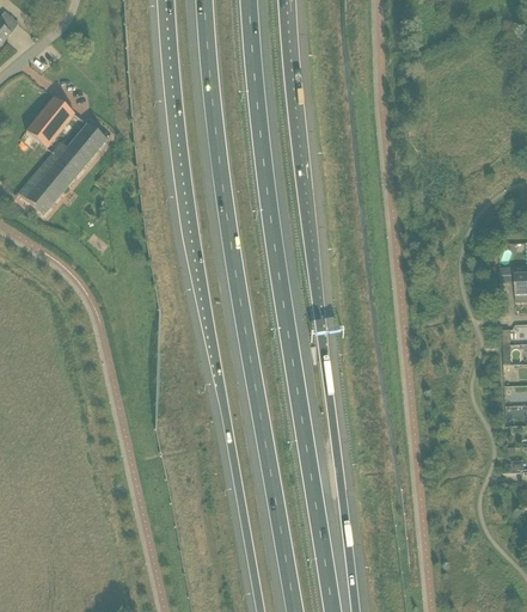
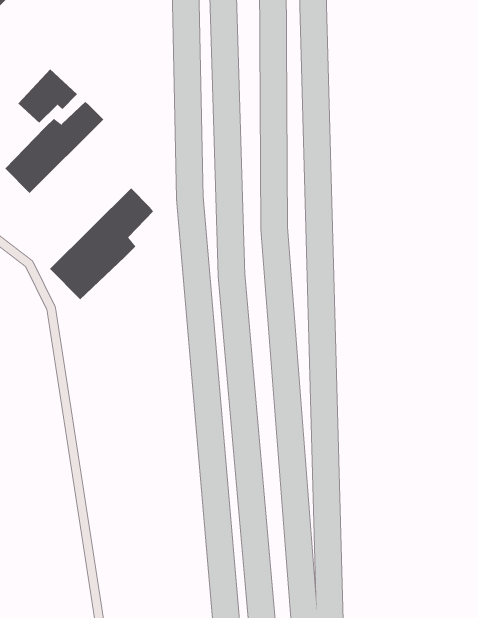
building: none -> [49,188,154,300]

